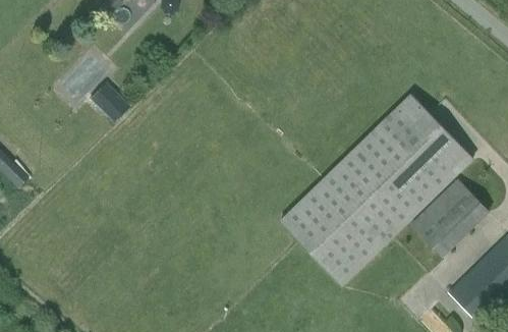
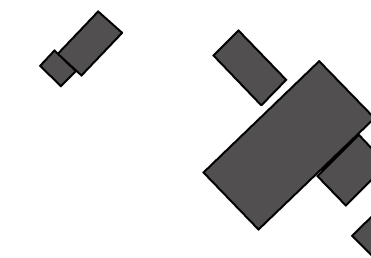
building: none -> [58,11,122,75]
building: none -> [214,30,286,105]

